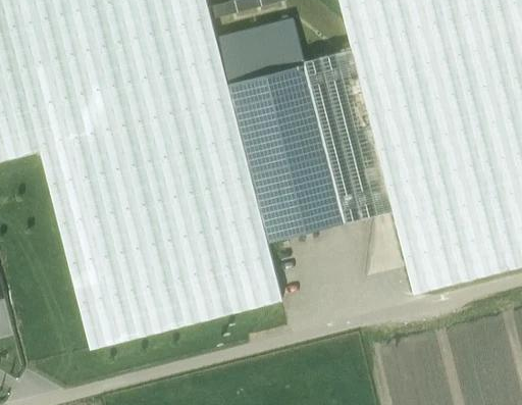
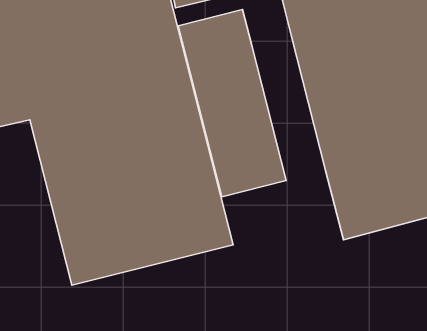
building: [305,50,393,223] -> none

